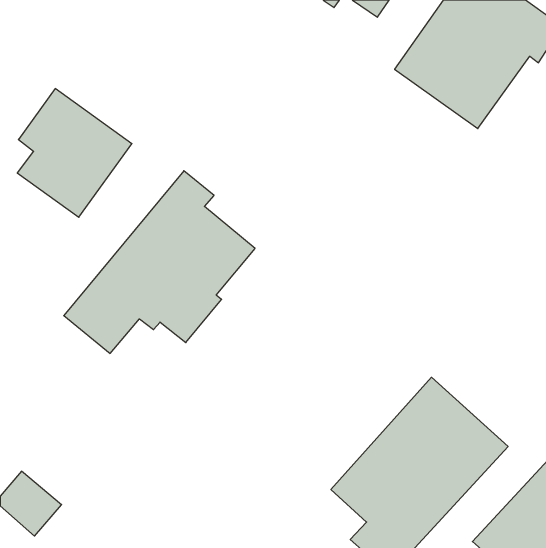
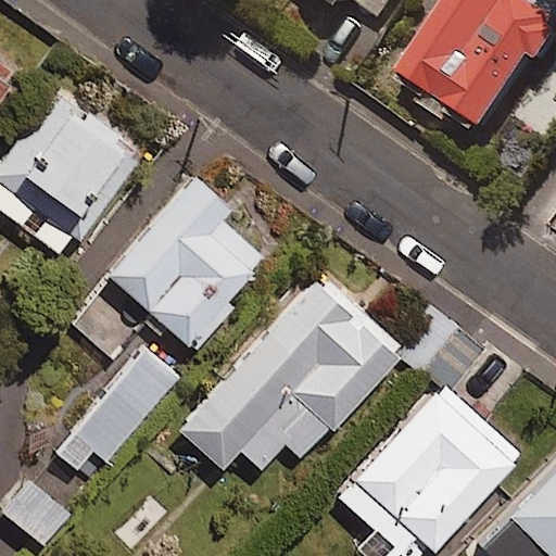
building: none -> [180,281,394,467]
building: none -> [58,348,181,482]

